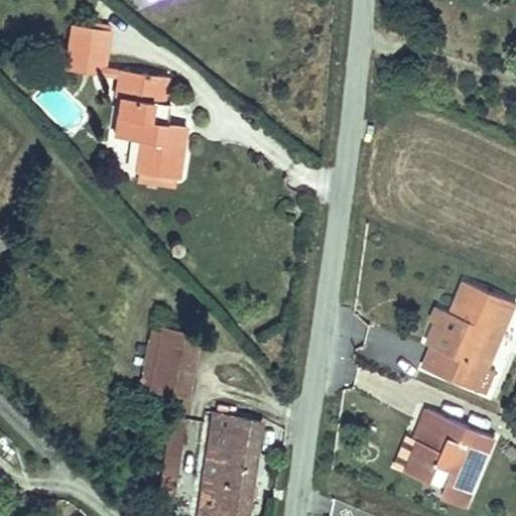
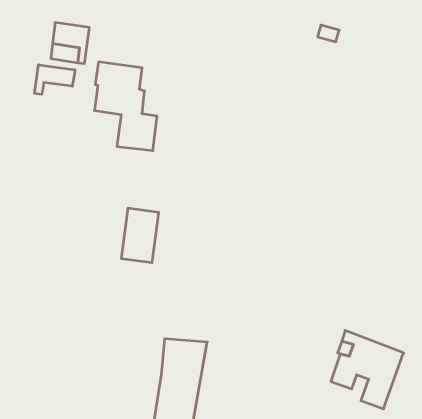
building: none -> [35,65,75,94]
building: [421,275,511,389] -> none
building: [156,341,202,406] -> [121,208,159,263]

